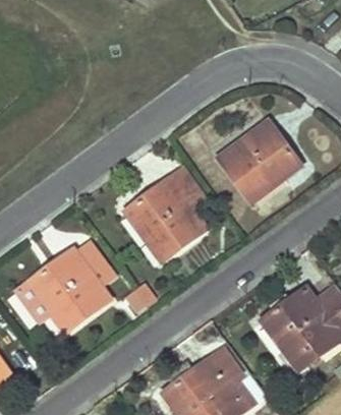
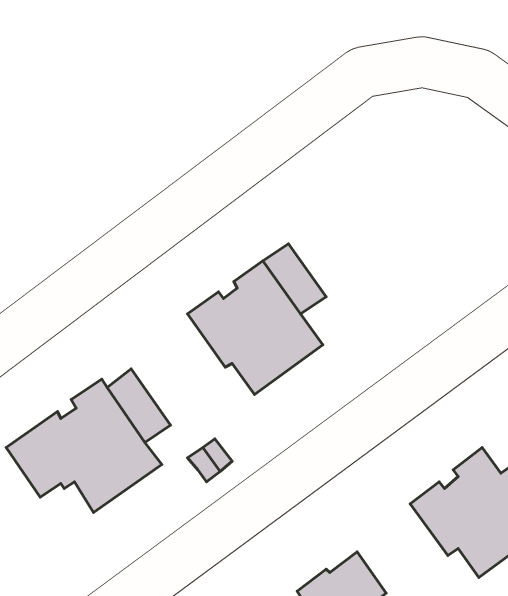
building: [220,119,300,193] -> none

